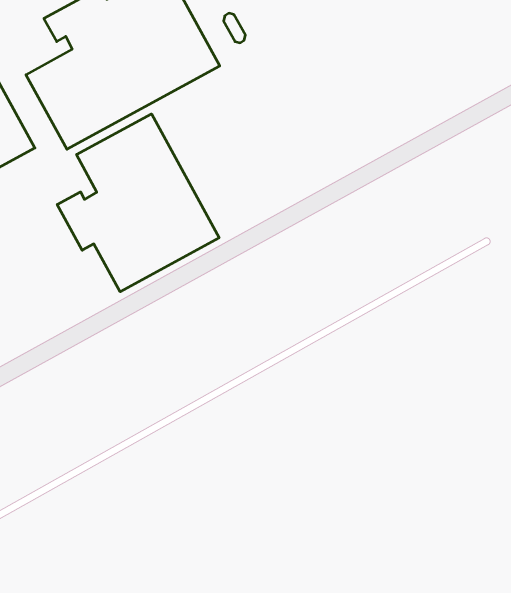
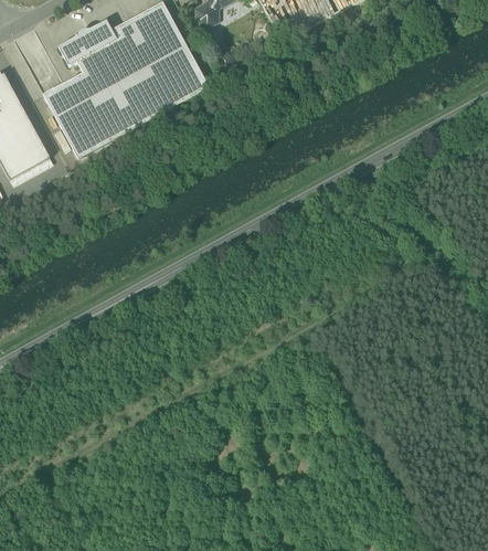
building: [57,114,219,292] -> none

